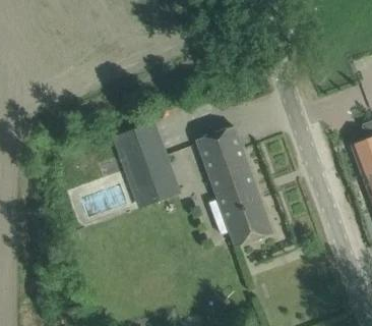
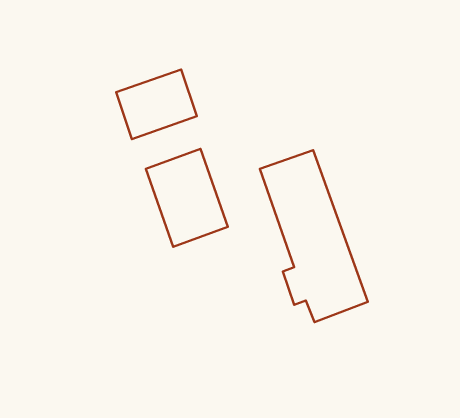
building: none -> [116,69,197,139]

